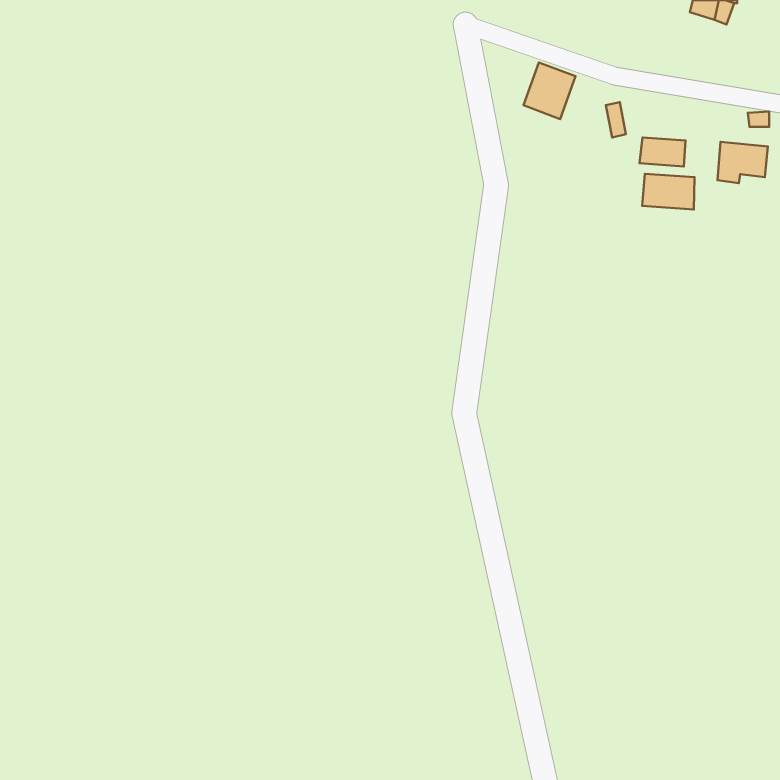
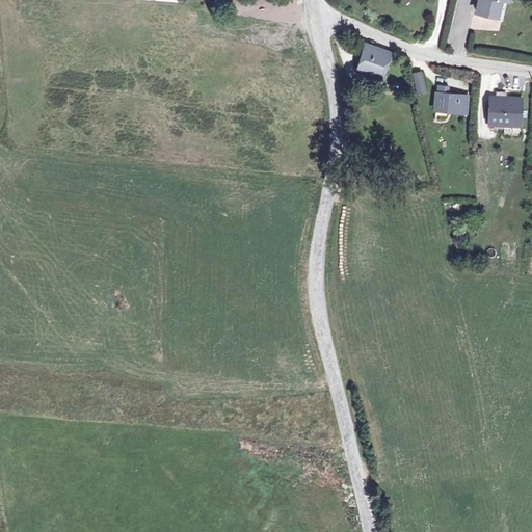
building: [642,174,694,209] -> none

